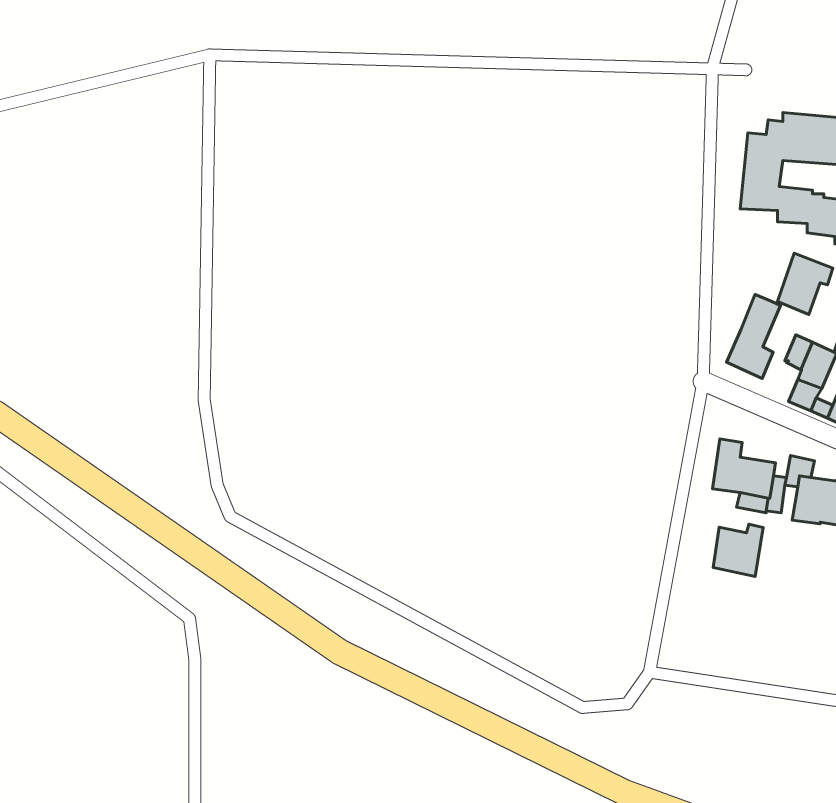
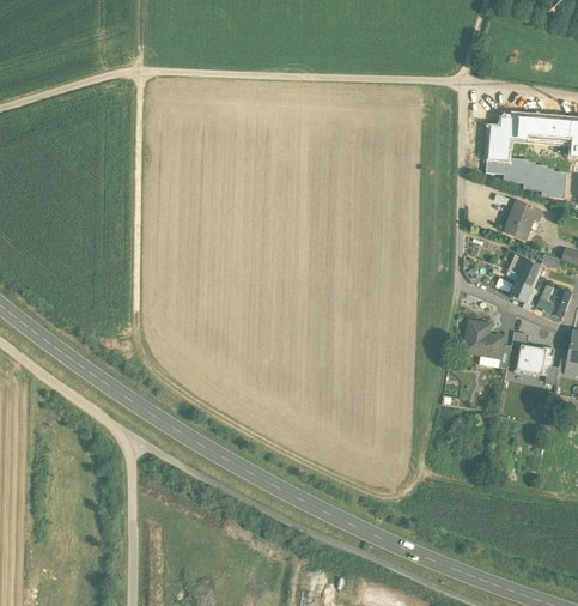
building: [726,294,780,378] -> none
building: [713,524,763,576] -> none

